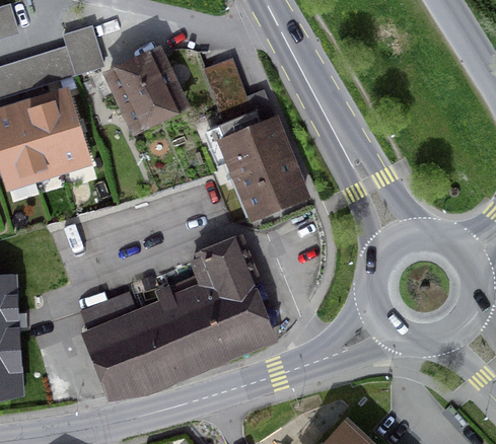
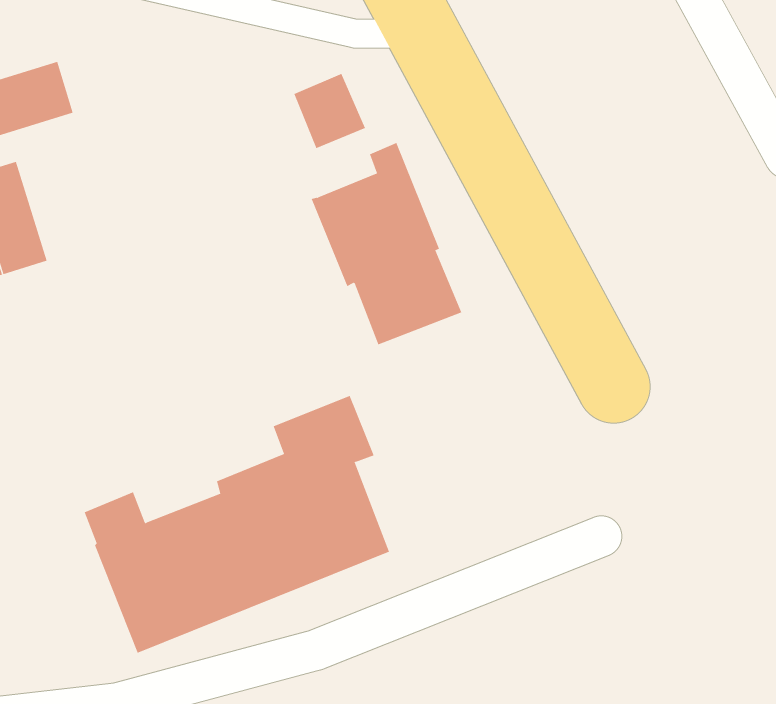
building: [60,26,103,77] -> none
building: [105,56,176,125] -> none
building: [40,97,84,164] -> none

